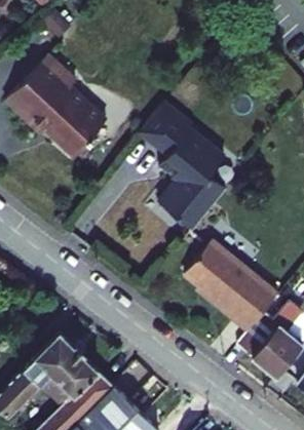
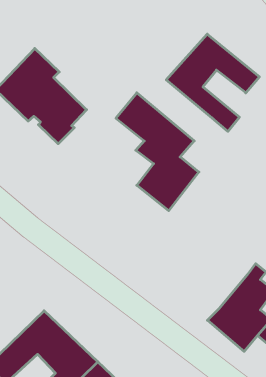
building: none -> [166,34,259,131]
building: [181,243,278,337] -> none

